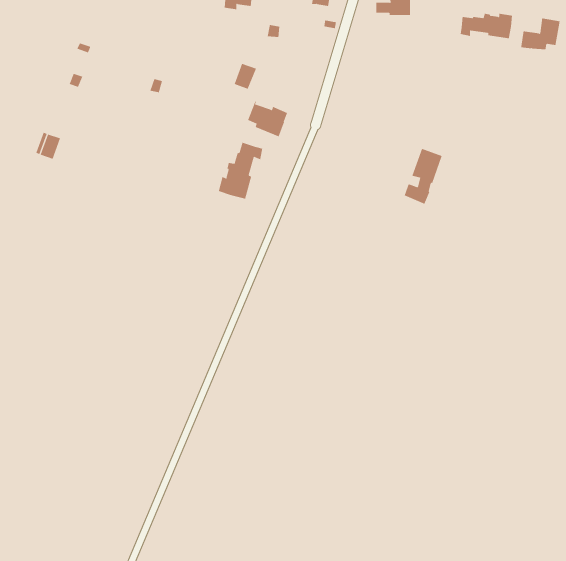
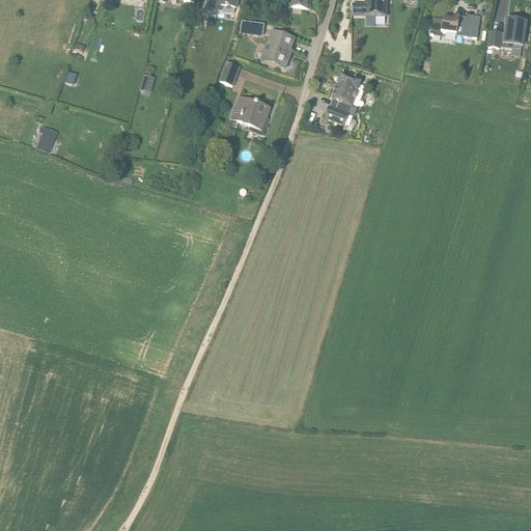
building: none -> [260,28,294,66]
building: [218,142,263,200] -> none
building: [404,148,443,204] -> [325,71,361,123]

